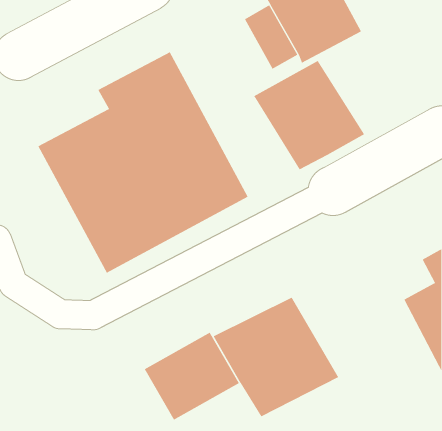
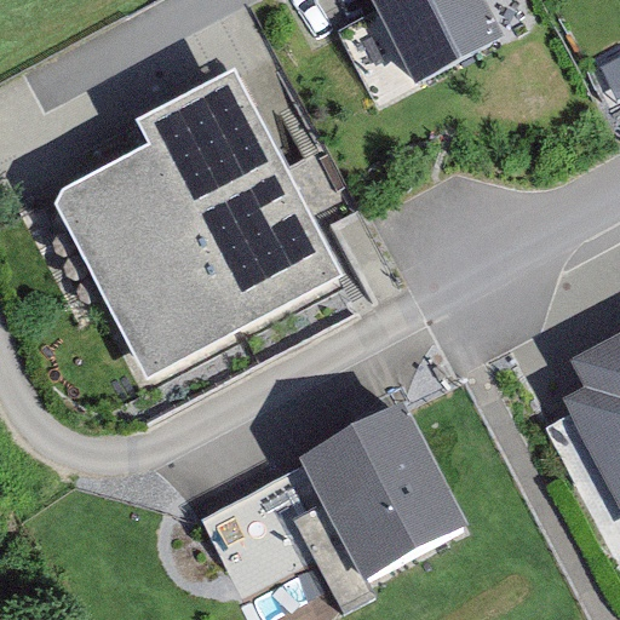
building: [253,60,365,170] -> none

